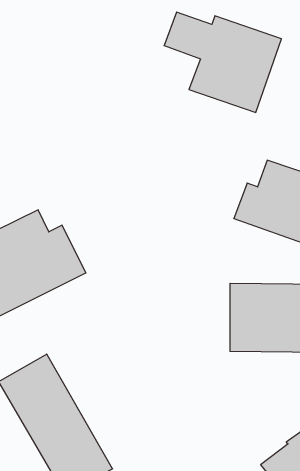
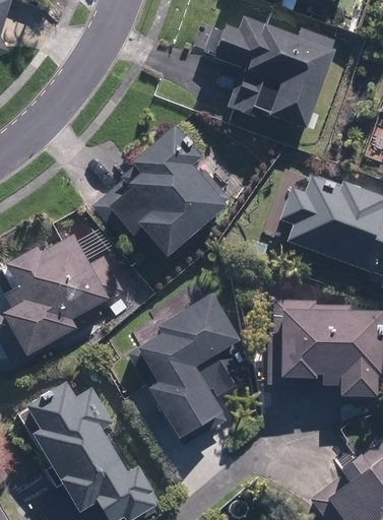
building: none -> [115,125,232,256]
building: none -> [141,298,253,431]

